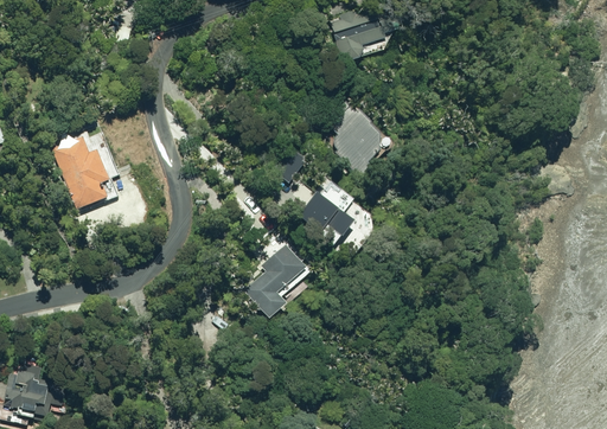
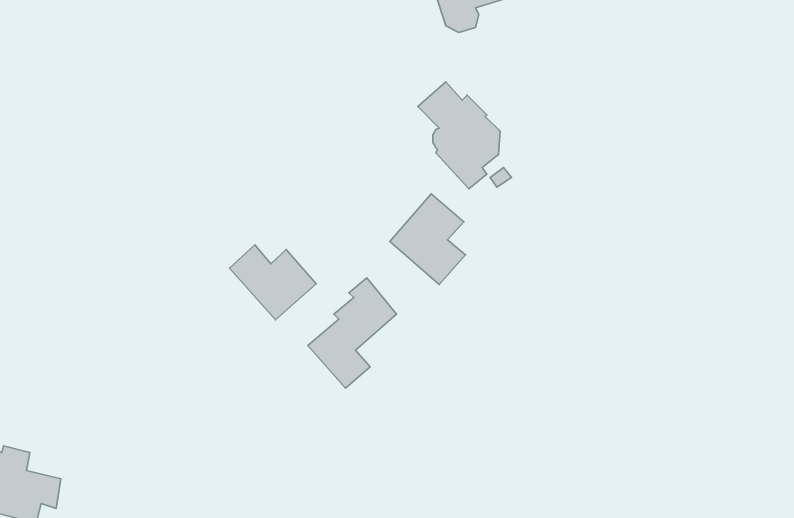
building: [51,129,117,211] -> none
building: none -> [230,245,316,320]

